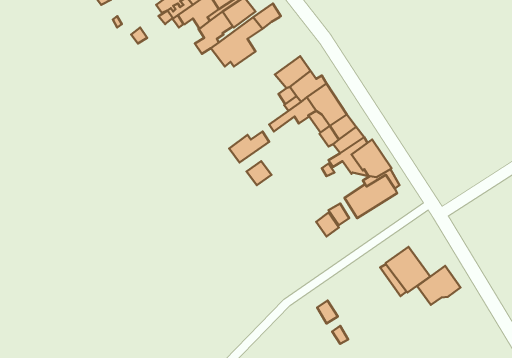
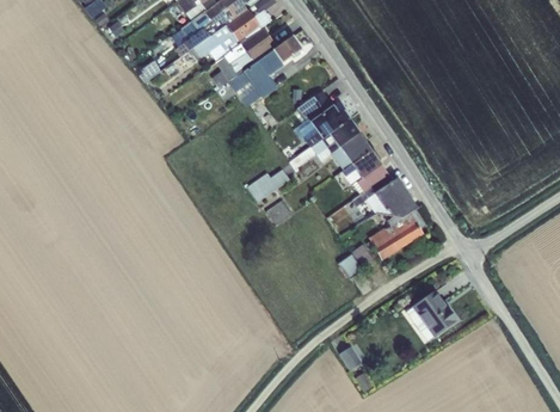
building: [417,266,460,305] -> none

